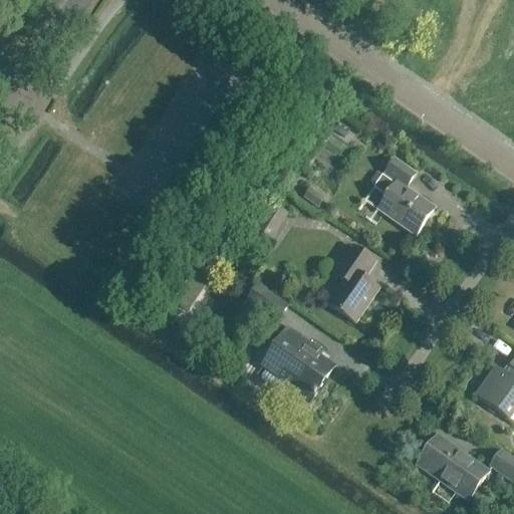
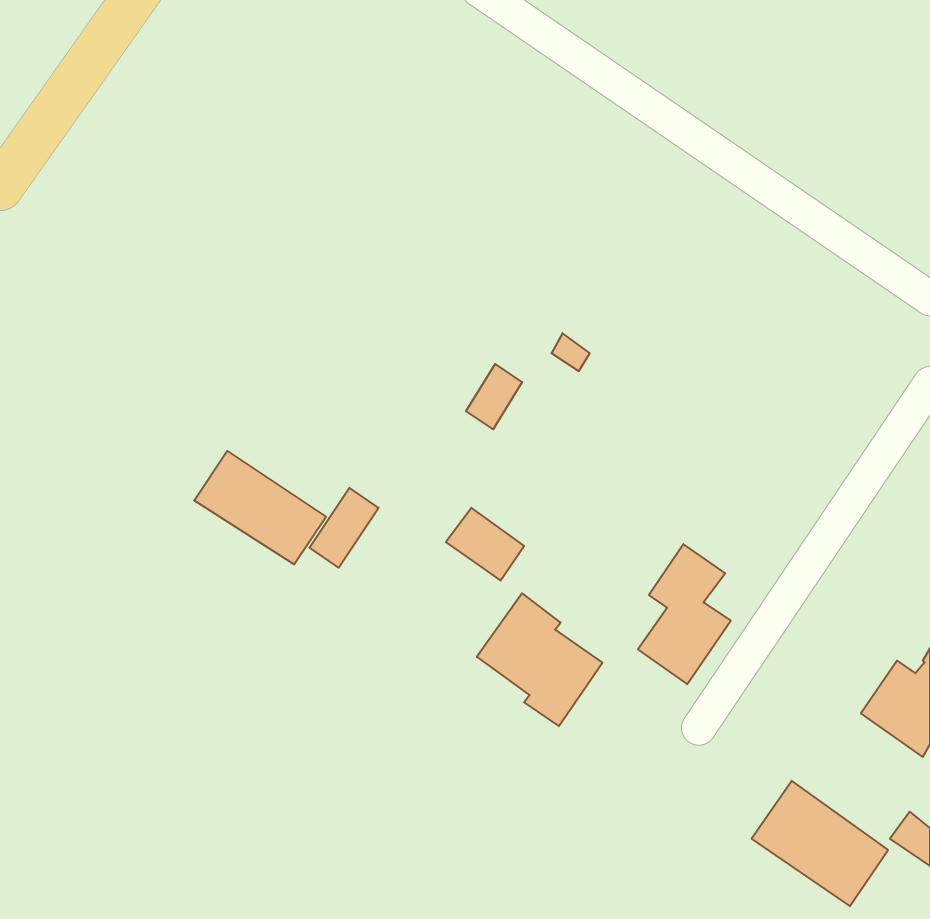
building: [369,158,435,234] -> none
building: [327,244,378,321] -> [638,544,731,684]
building: none -> [194,451,326,564]

